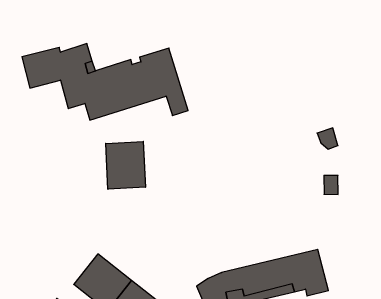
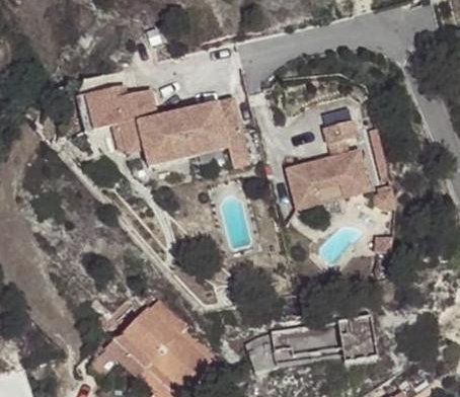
building: none -> [289,120,371,207]
building: [106,141,145,189] -> none

